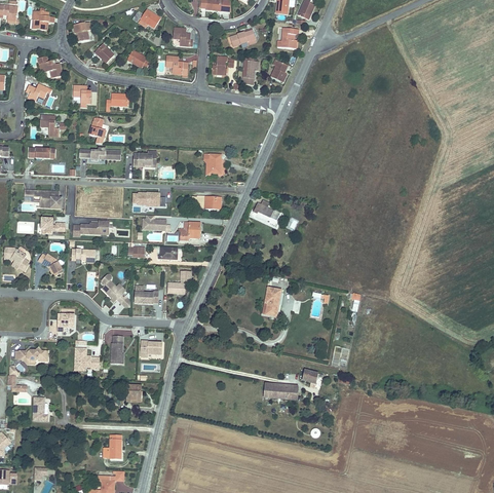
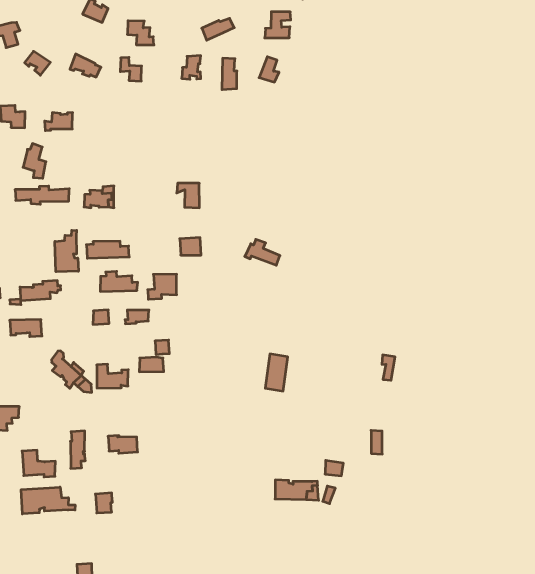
building: none -> [55,230,78,272]
building: none -> [21,487,75,514]

